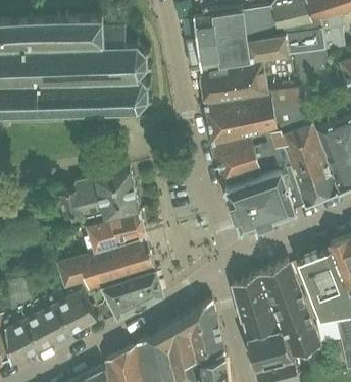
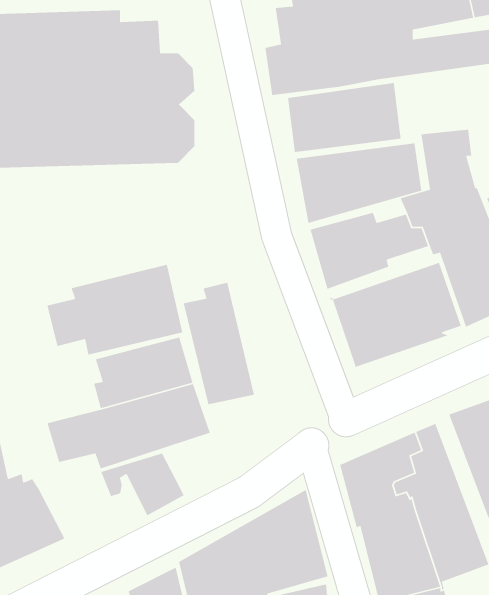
building: none -> [183,282,255,405]
building: [127,270,162,306] -> none
building: [54,287,96,331] -> none

